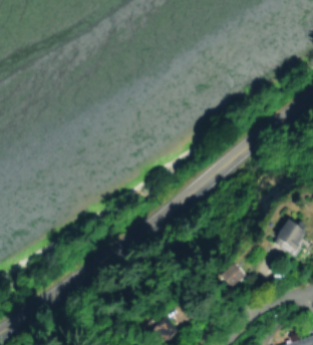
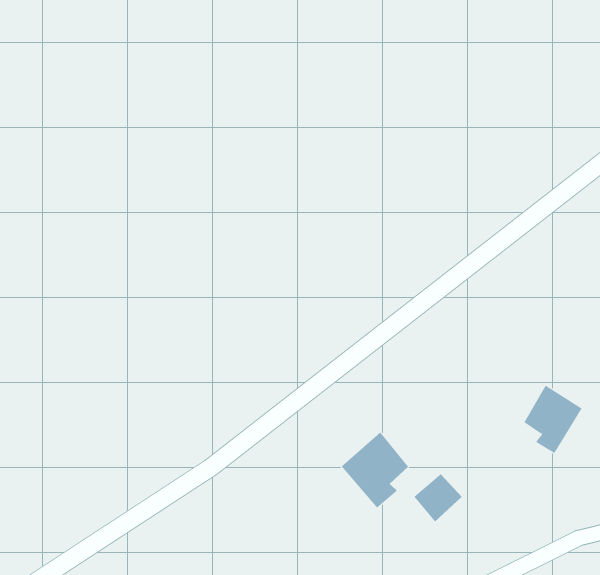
building: none -> [341,432,409,508]

